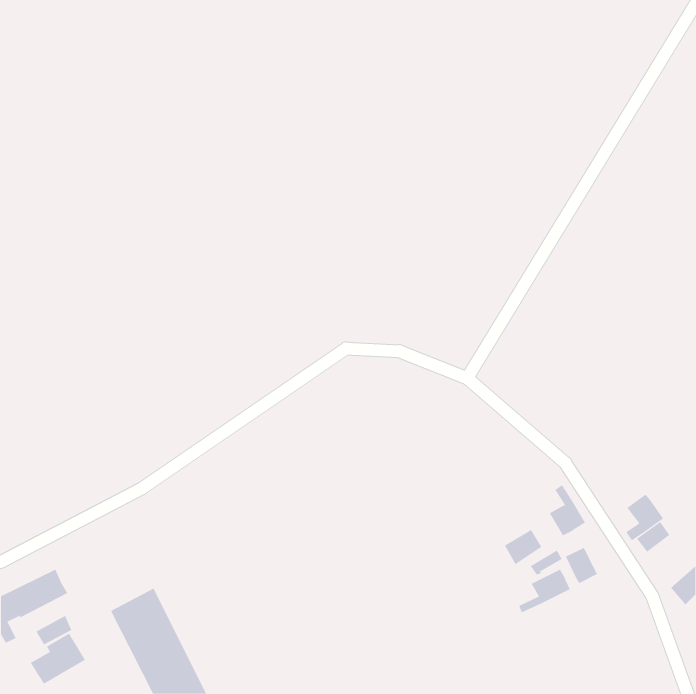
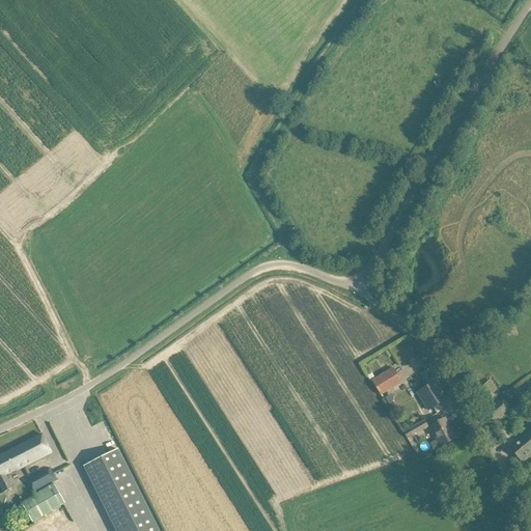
building: [625,494,664,541] -> none
building: [504,529,542,565] -> [372,367,401,394]
building: [518,569,570,613] -> none

